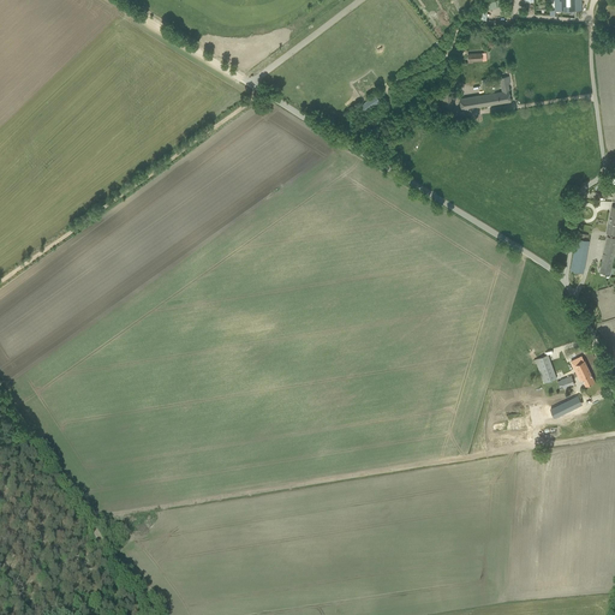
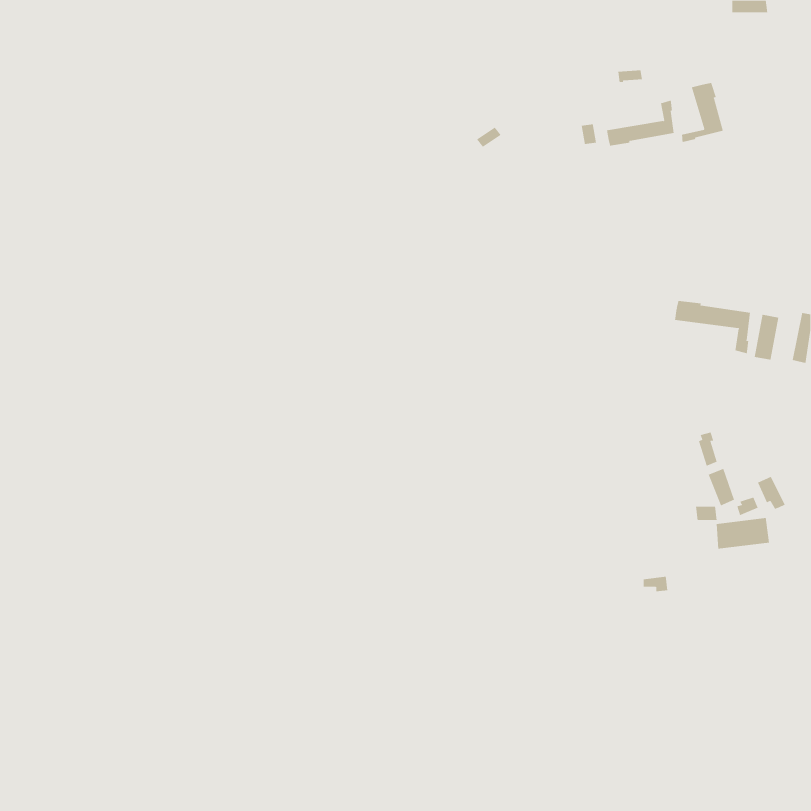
building: none -> [681,82,724,143]
building: none -> [675,300,751,354]

